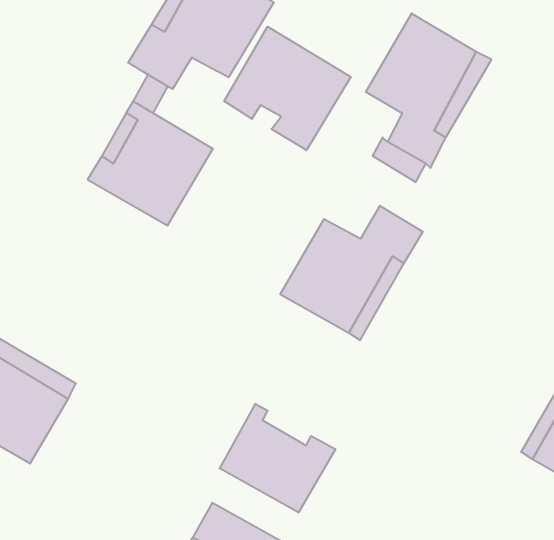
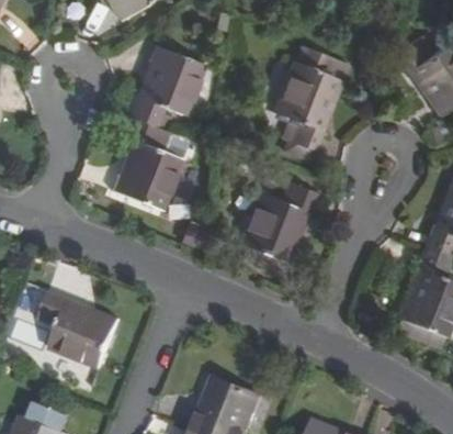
building: [224,27,351,150] -> none
building: [220,404,335,513] -> none

